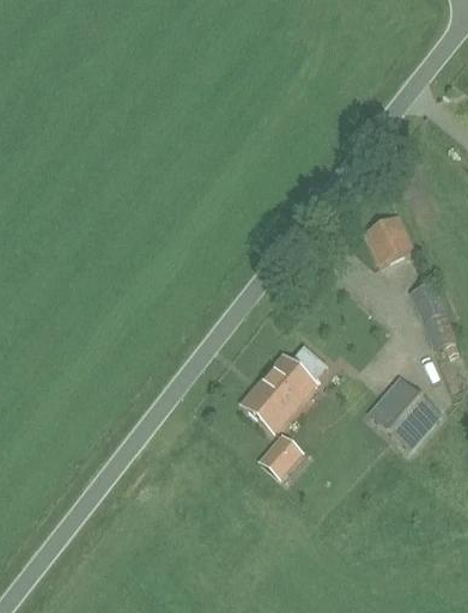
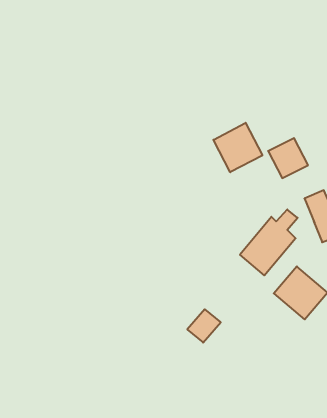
building: none -> [213,123,262,172]
building: [243,346,317,431] -> [240,209,298,275]

